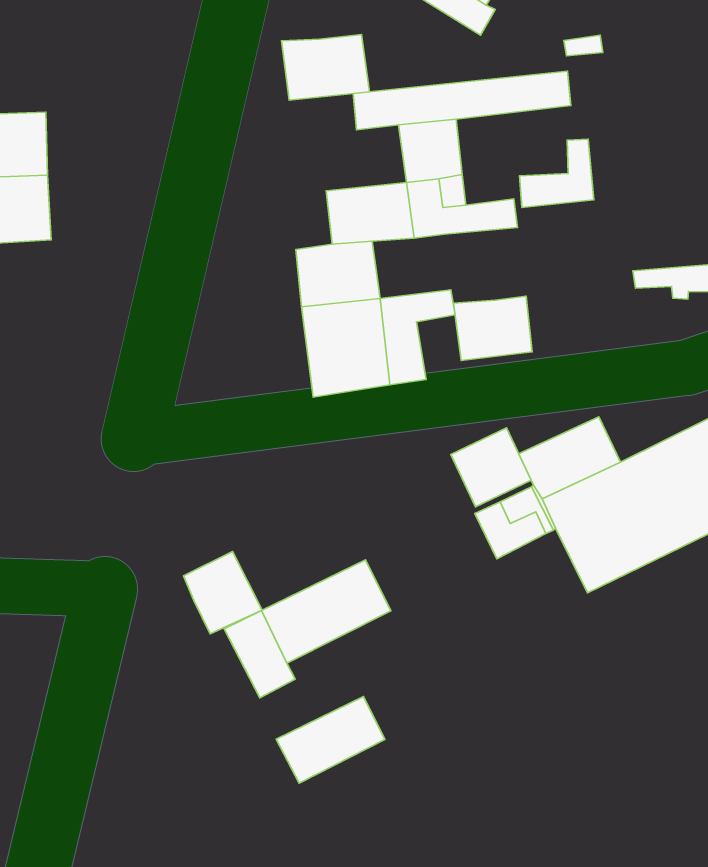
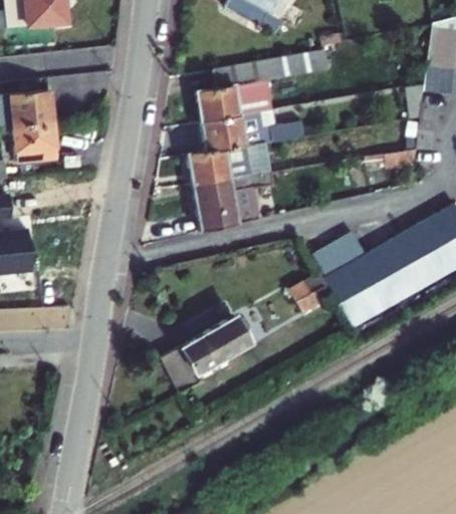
building: [281,34,369,100] -> [195,85,243,122]
building: [520,139,594,207] -> none
building: [453,296,532,361] -> [227,142,270,178]
building: [451,428,531,507] -> none
building: [184,552,262,634] -> none
building: [276,696,385,783] -> none

